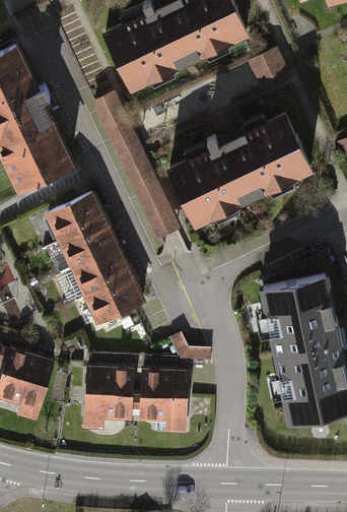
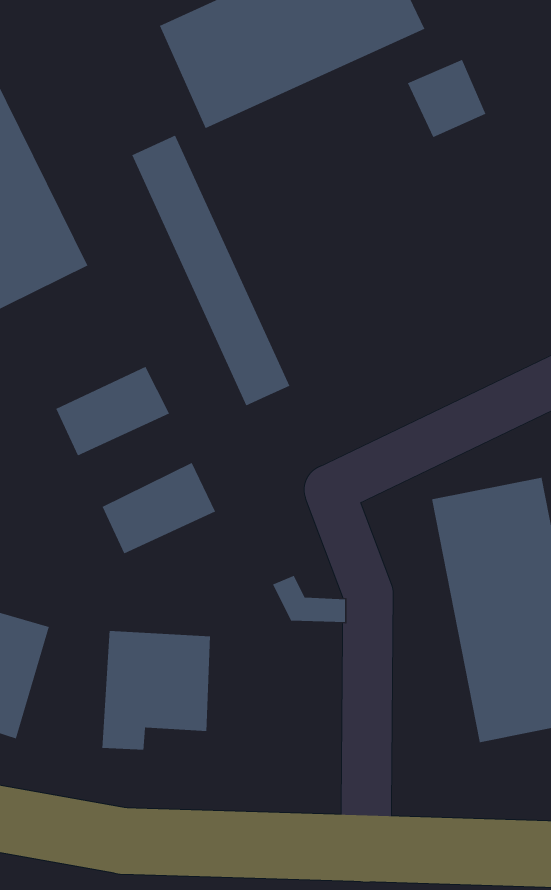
building: [166,112,314,227] -> none
building: [42,192,105,243] -> none
building: [67,246,130,297] -> none
building: [138,368,193,437] -> none

